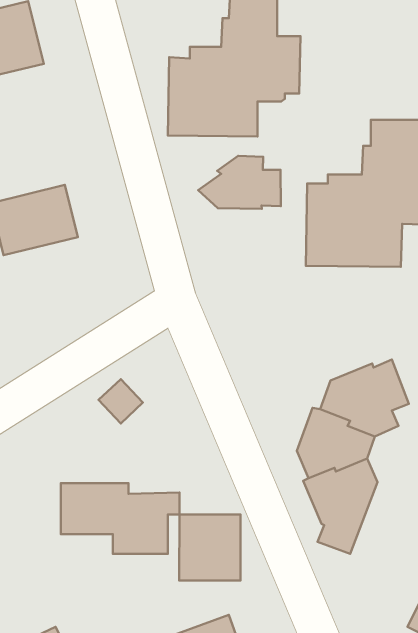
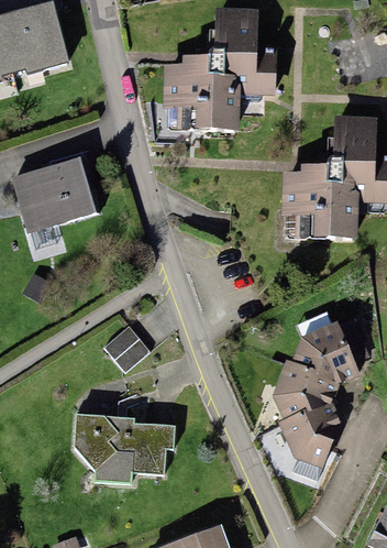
building: [198,156,281,209] -> none
building: [179,515,241,581] -> none

